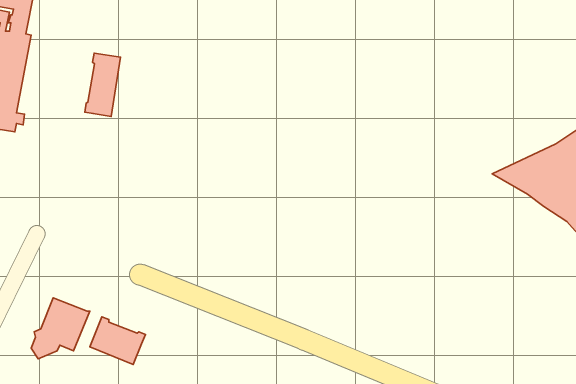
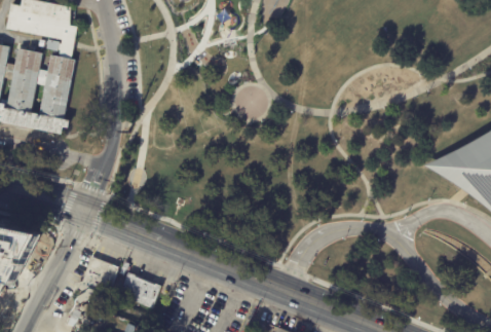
building: [85,53,121,116] -> none

